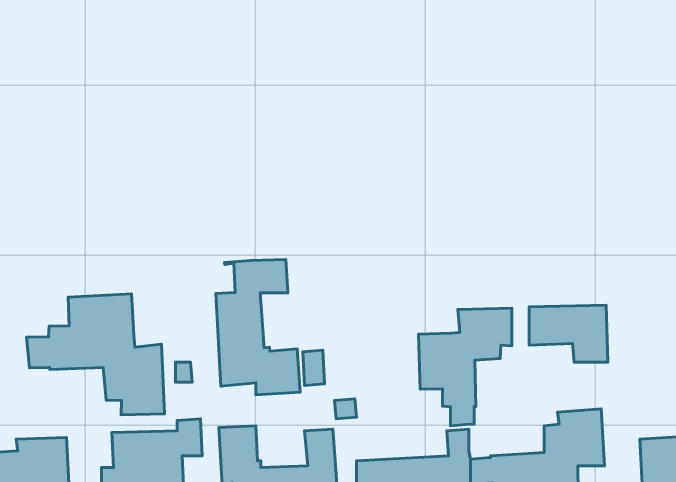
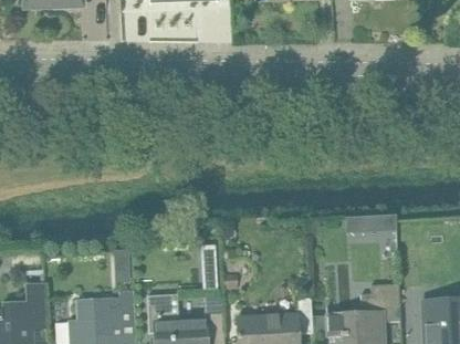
building: [216,259,300,395] -> none
building: [27,294,165,415] -> none
building: [419,308,512,426] -> none

